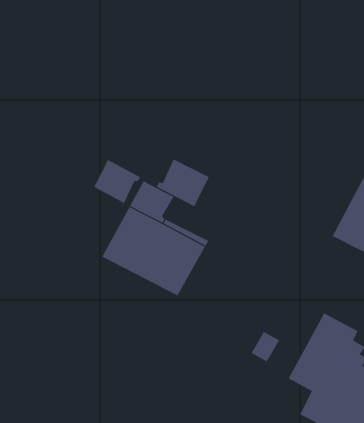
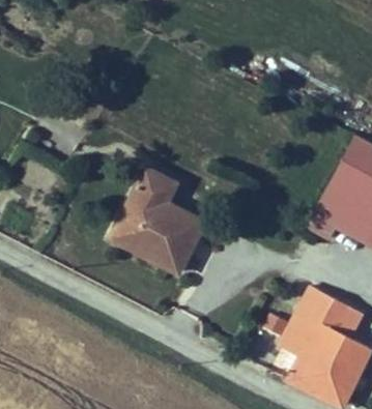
building: [156,158,209,207] -> none
building: [94,159,141,204] -> none

